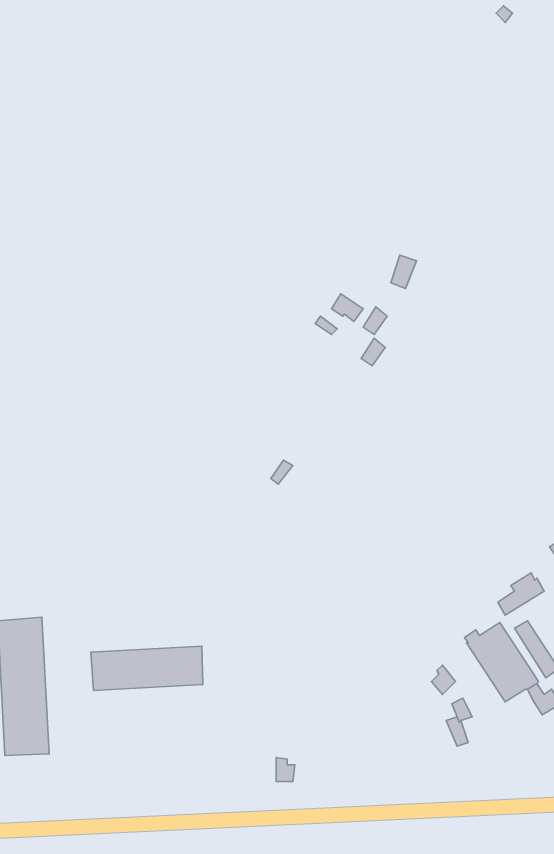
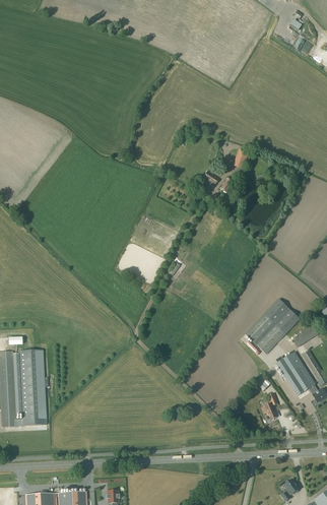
building: none -> [245,299,300,355]
building: [91,646,203,690] -> none

